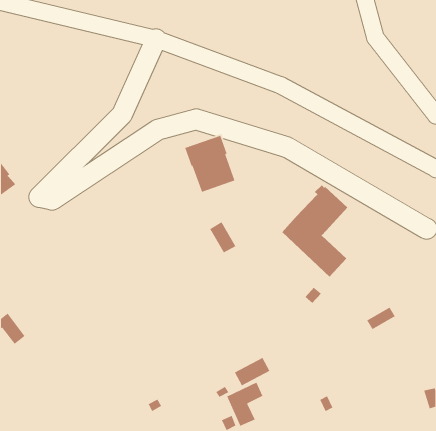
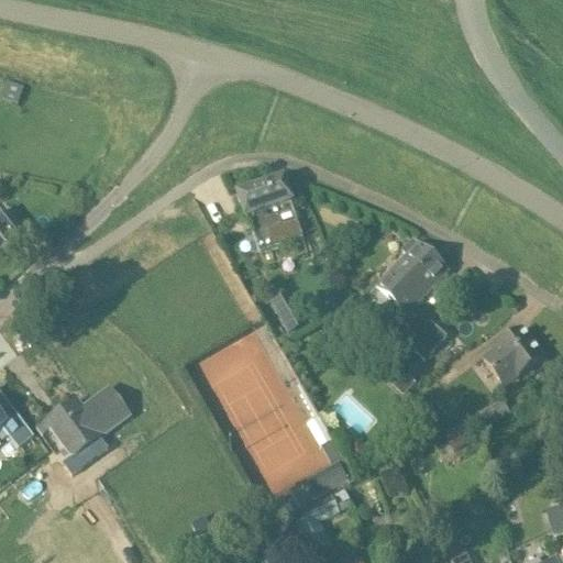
building: none -> [483,324,543,383]
building: none -> [37,384,131,465]

